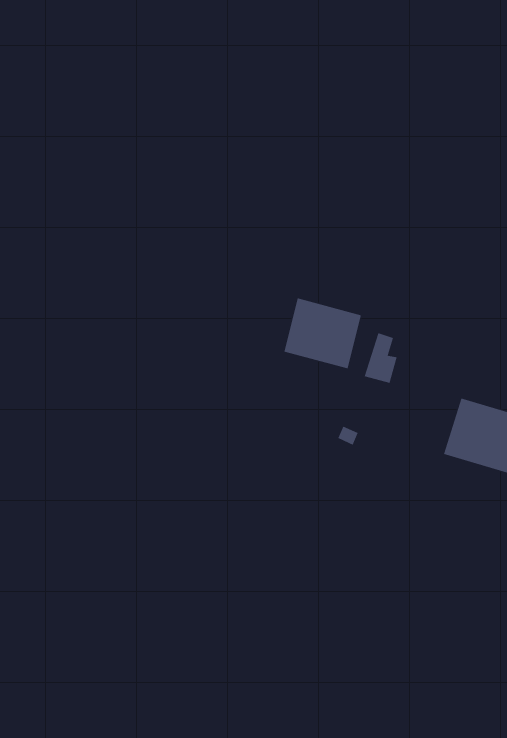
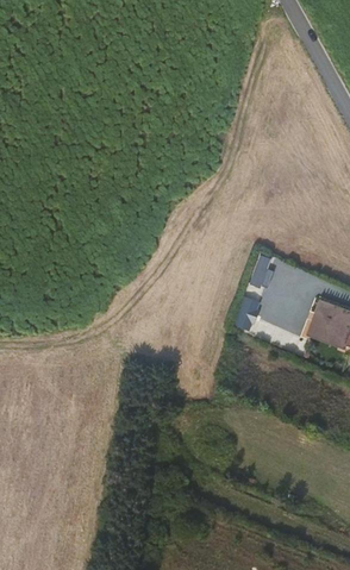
building: [284,298,361,369] -> none

